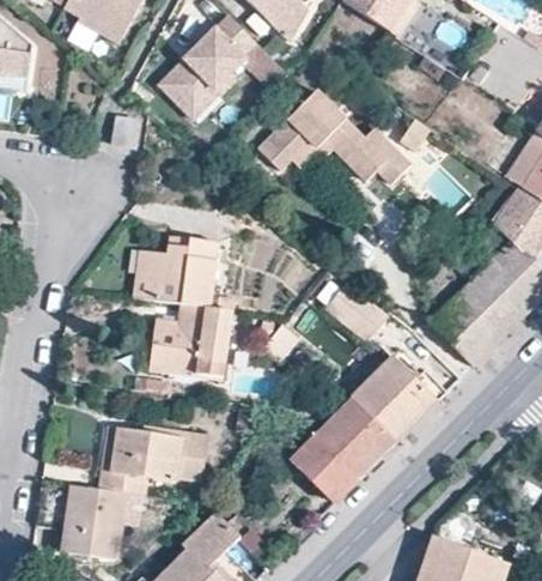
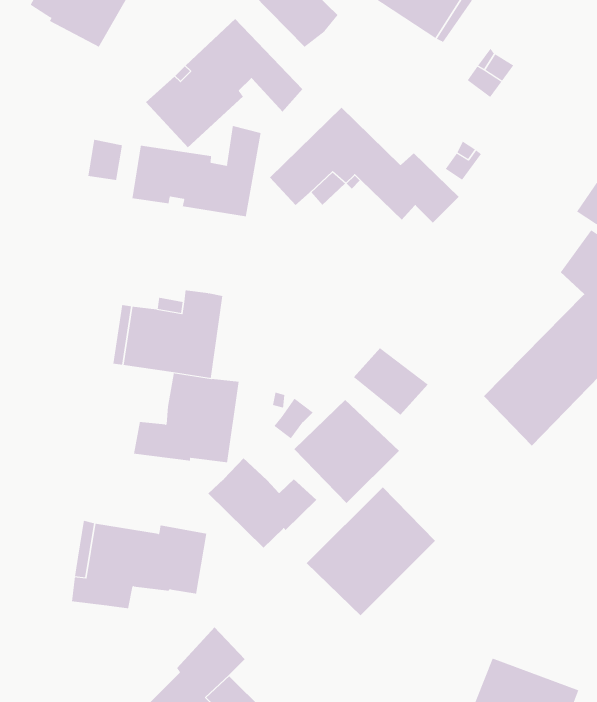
building: none -> [132,125,261,217]
building: [349,356,436,441] -> [294,399,400,504]
building: none -> [207,457,317,548]
building: [62,485,126,559] -> none

